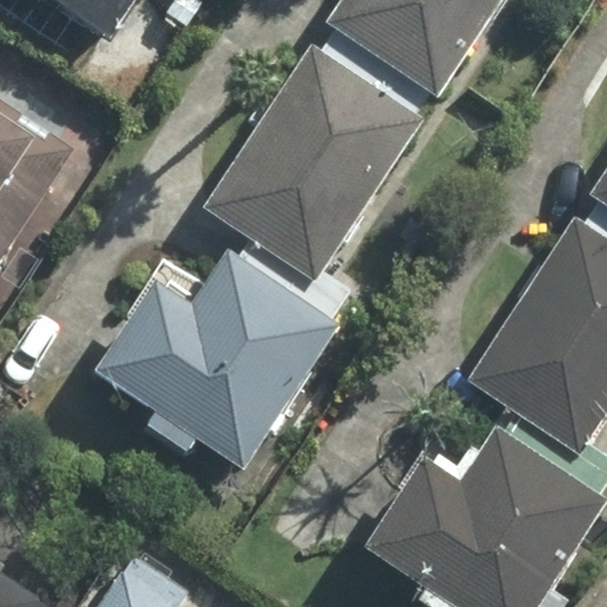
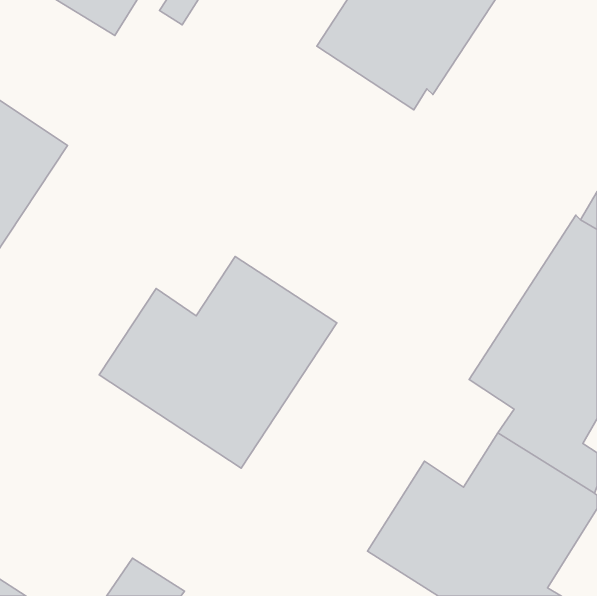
building: [209,46,421,317] -> none

